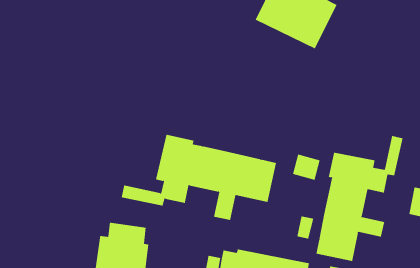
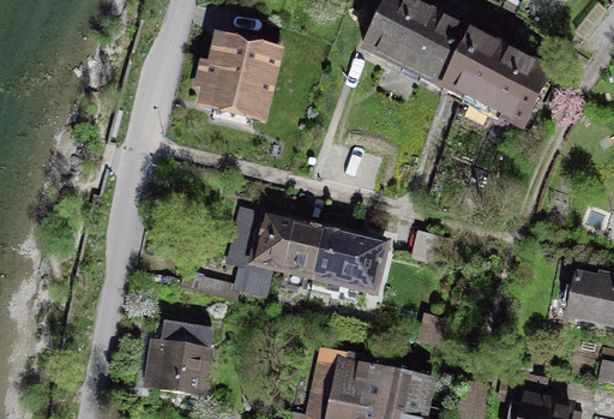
building: none -> [441,25,553,126]
building: none -> [194,32,284,121]
building: [316,135,403,262] -> none

